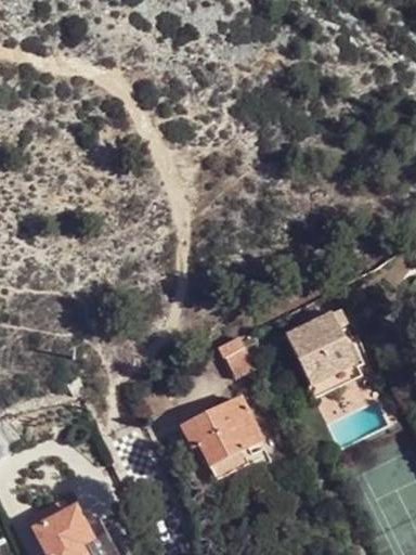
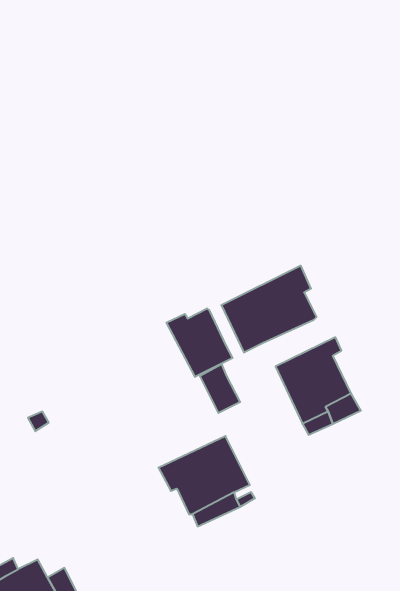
building: none -> [221,266,316,353]
building: none -> [166,308,233,377]

